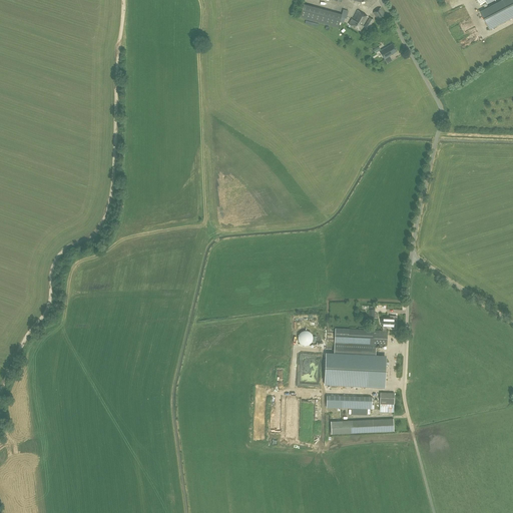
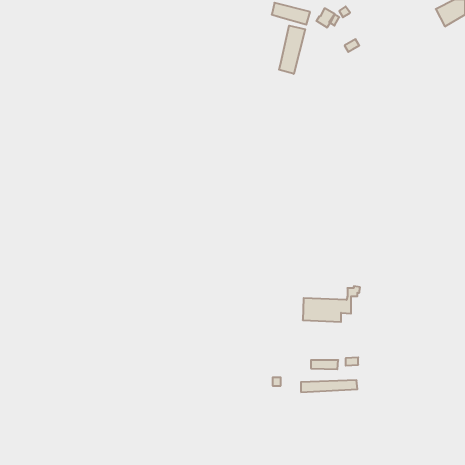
building: none -> [279,26,305,74]
building: [323,356,385,390] -> none

